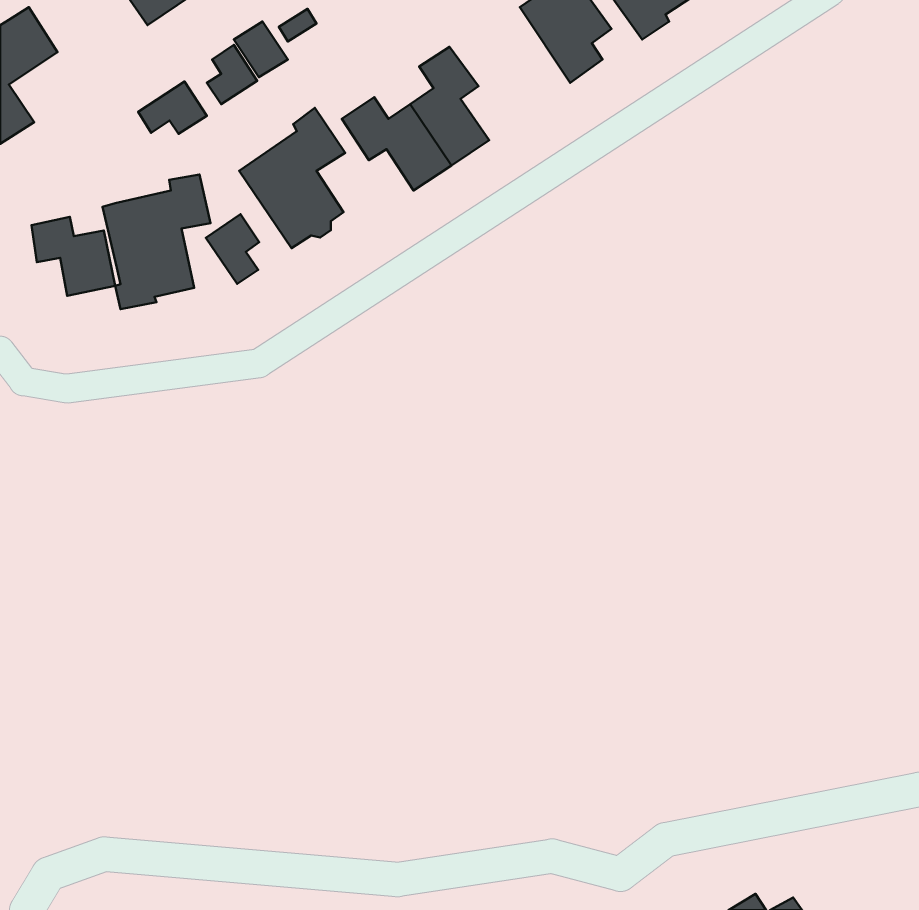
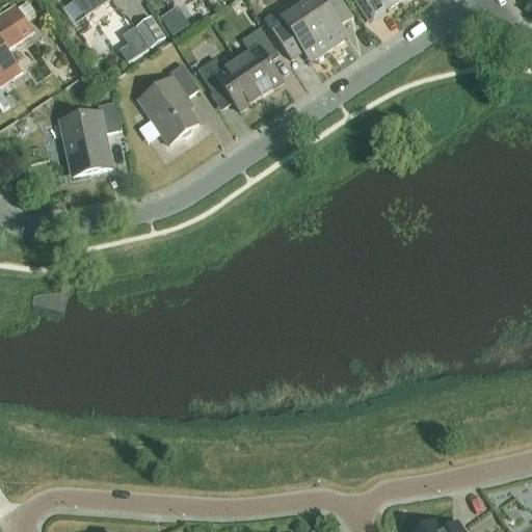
building: none -> [265,4,329,60]
building: [138,82,207,134] -> none
building: [206,214,259,284] -> none
building: [31,217,115,296] -> none

